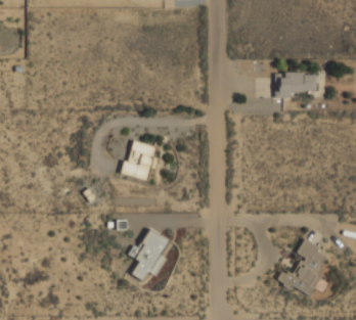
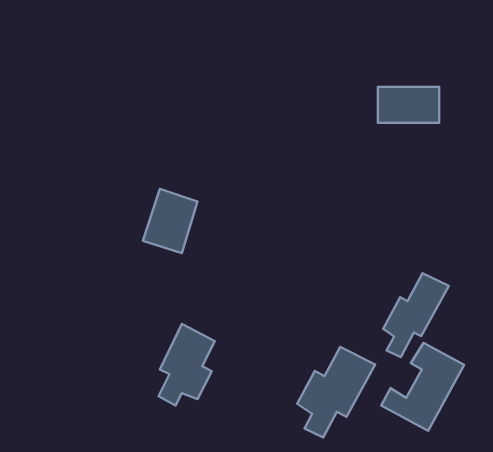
building: none -> [383,273,449,357]
building: none -> [297,347,375,437]

